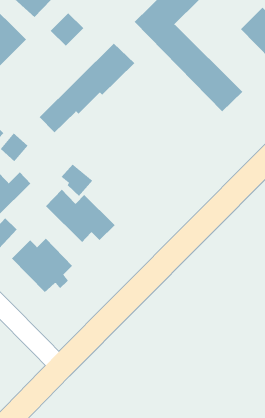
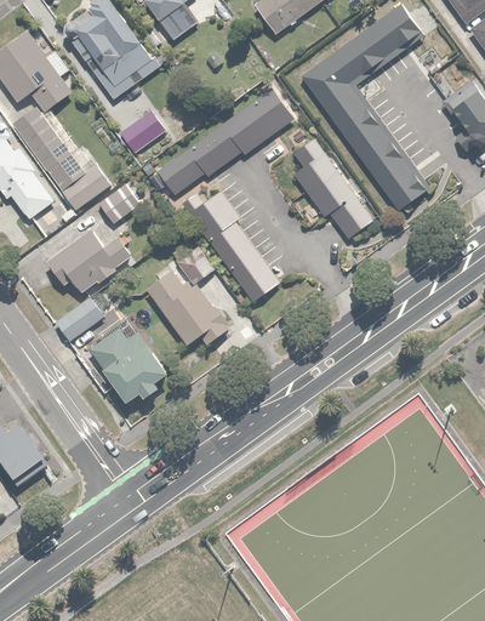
building: [50,12,84,47] -> none
building: none -> [121,112,162,150]
building: none -> [297,141,372,237]
building: none -> [189,193,279,300]

